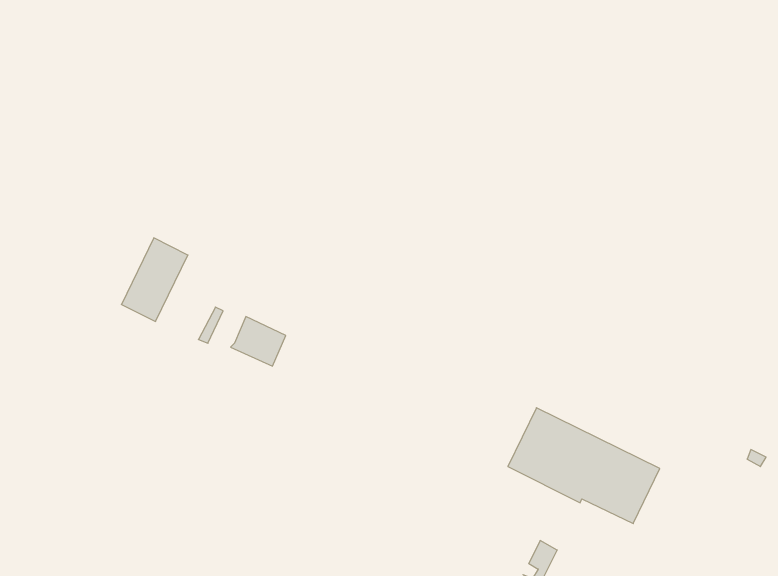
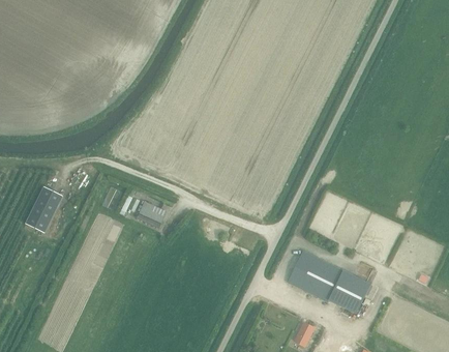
building: [121,238,188,321] -> [25,186,61,232]

